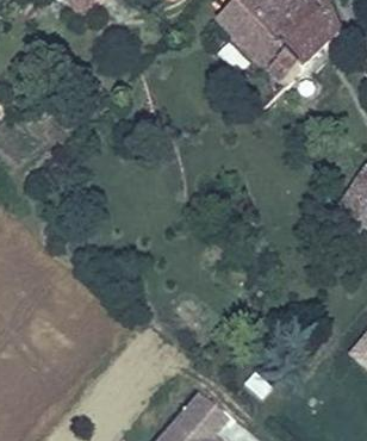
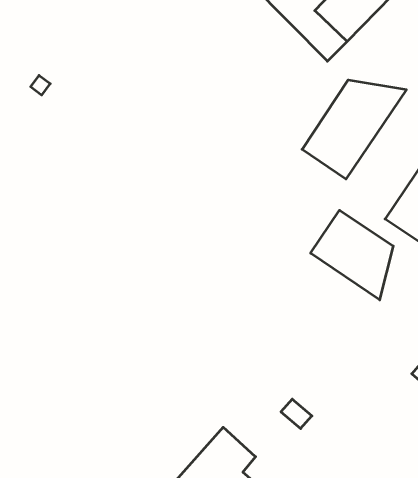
building: none -> [302,80,406,179]
building: none -> [311,210,393,300]

